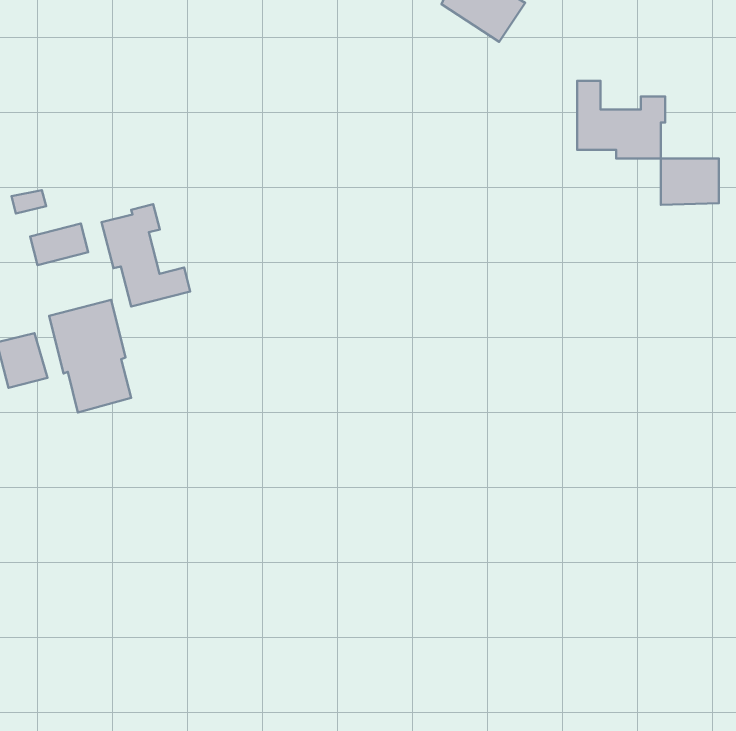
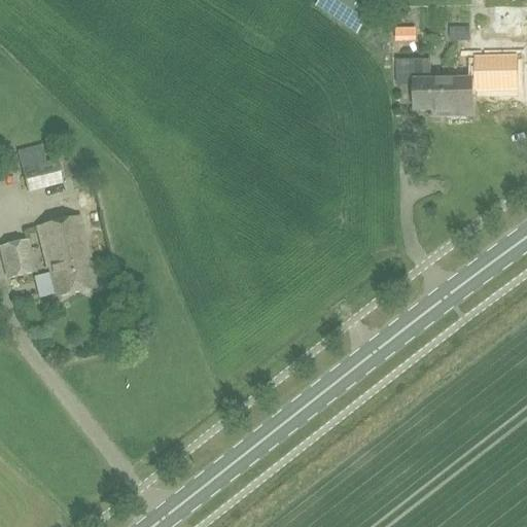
building: [661,159,719,205] -> [475,55,516,87]
building: [102,204,190,307] -> none

